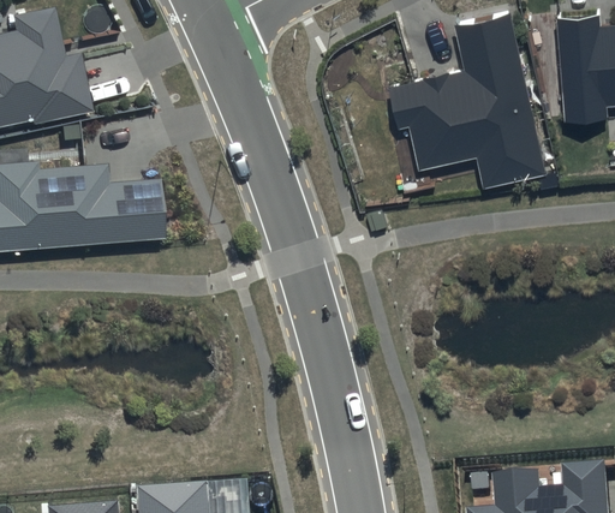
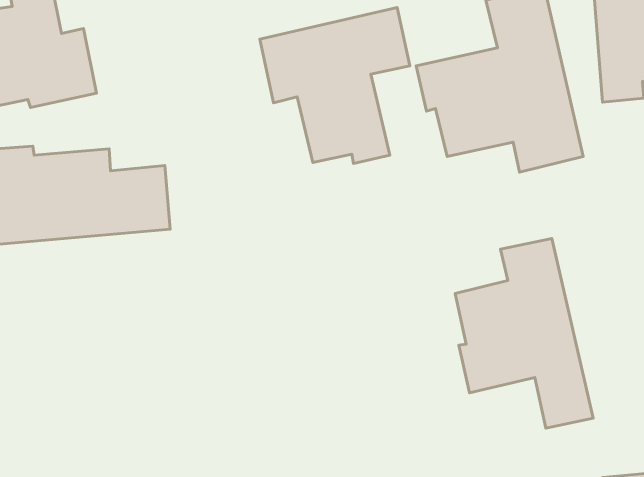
building: none -> [260,7,410,164]
building: none -> [455,239,593,428]

